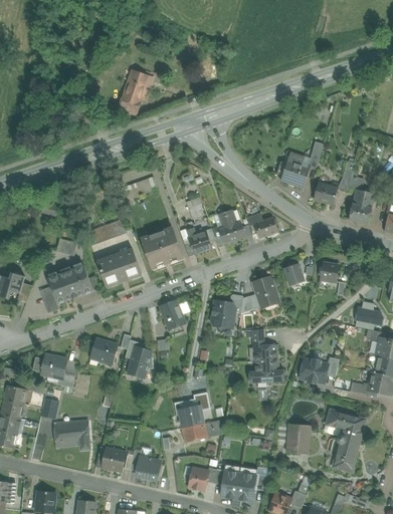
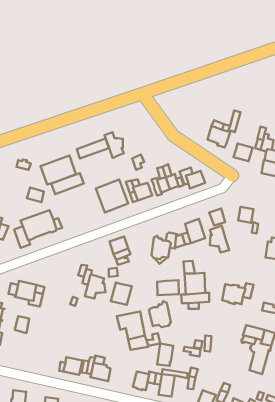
building: [117,69,150,115] -> none
building: none -> [104,132,124,158]
building: [96,250,141,286] -> [41,156,76,185]
building: none -> [210,226,229,253]
building: [90,339,118,363] -> none
building: none -> [157,280,179,295]
building: none -> [111,282,132,305]
building: none -> [149,301,171,327]
building: [53,421,89,450] -> none
building: [285,423,311,453] -> none
building: [236,473,256,501] -> [157,343,173,366]

